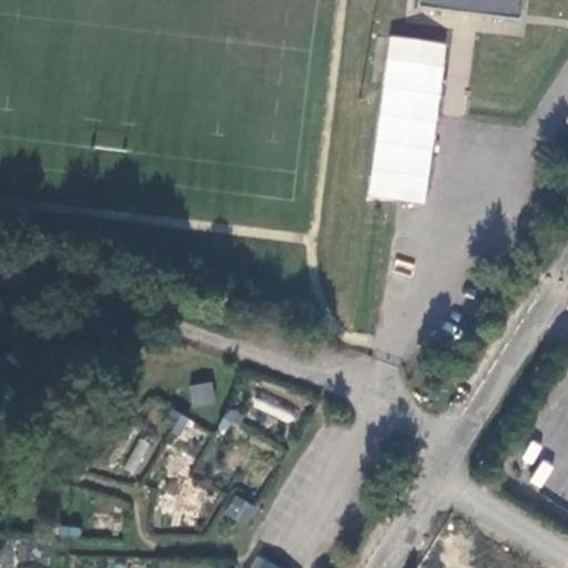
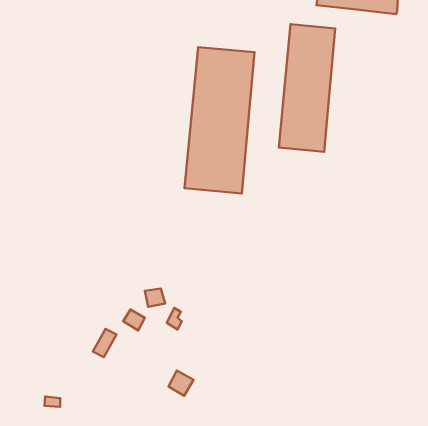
building: none -> [185,47,255,193]

